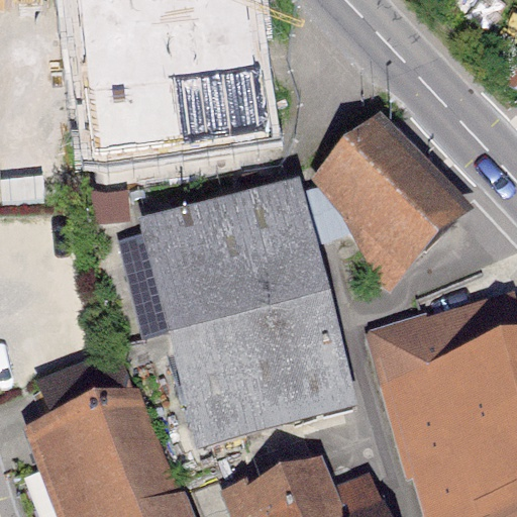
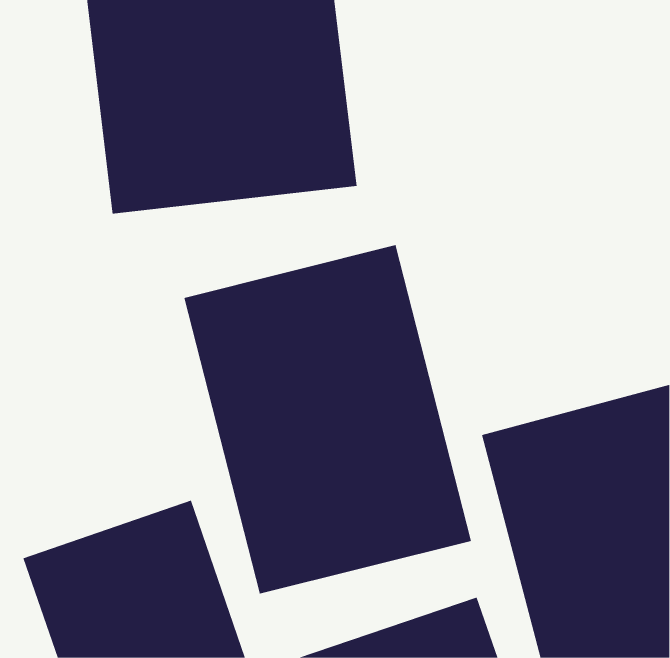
building: [311,114,470,285] -> none

